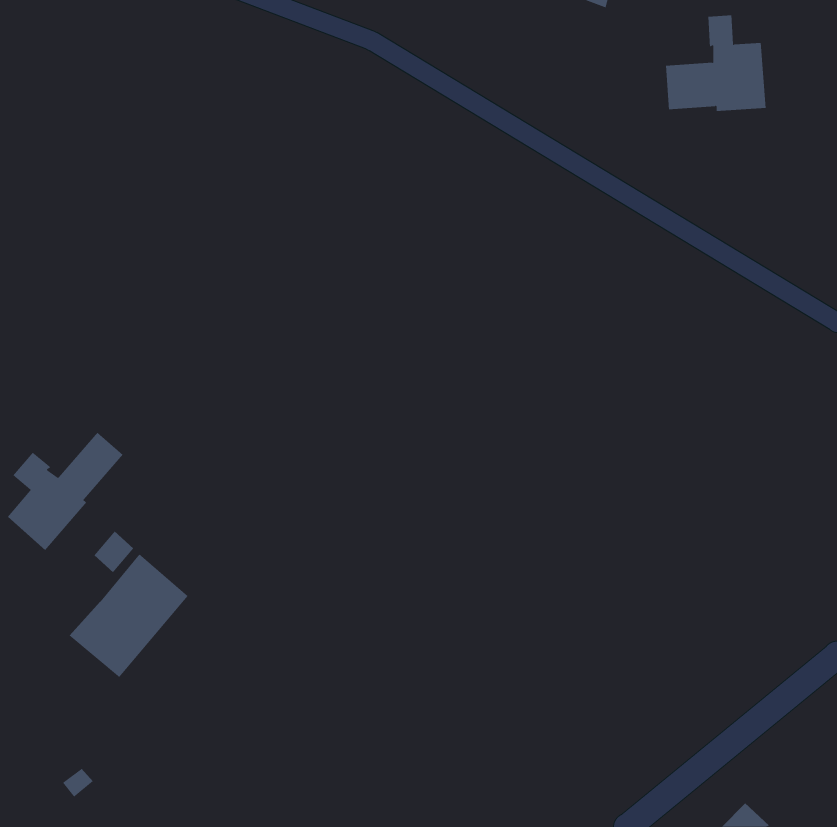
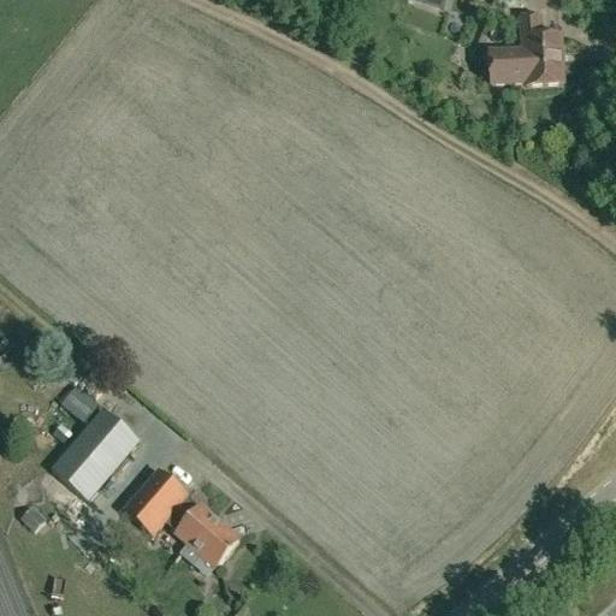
building: [7,432,123,551] -> none
building: none -> [123,468,238,565]

